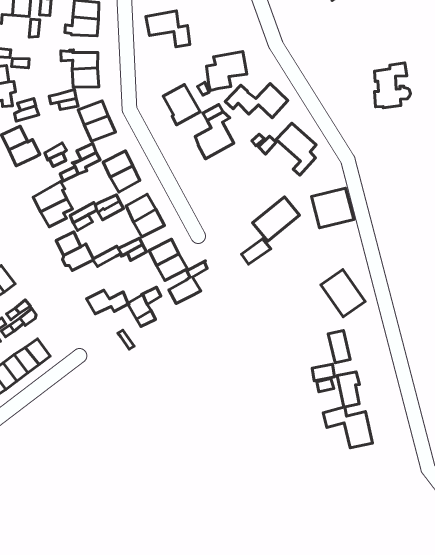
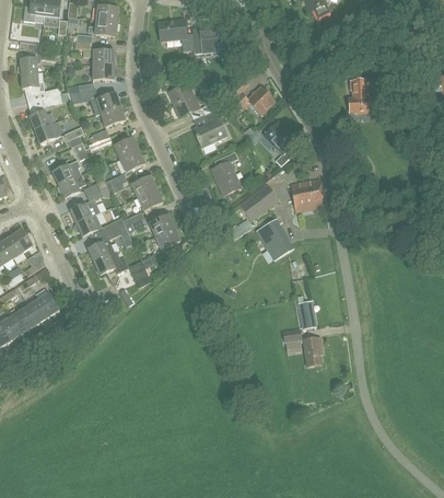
building: [206,51,247,90] -> [192,21,226,53]
building: none -> [211,151,241,194]
building: [169,261,207,304] -> [87,225,121,260]
building: [321,270,365,317] -> [256,219,293,259]
building: [323,407,372,448] -> none

